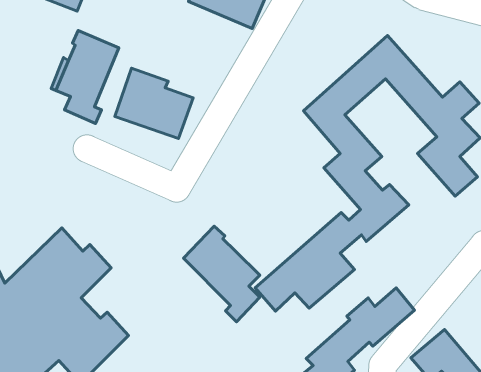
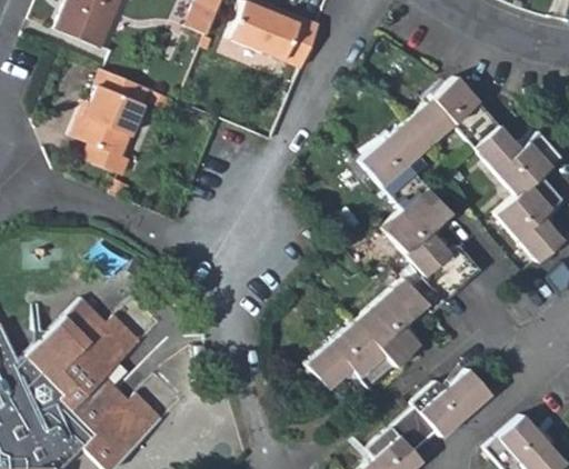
building: [115,68,193,139] -> none
building: [183,226,260,322] -> none

